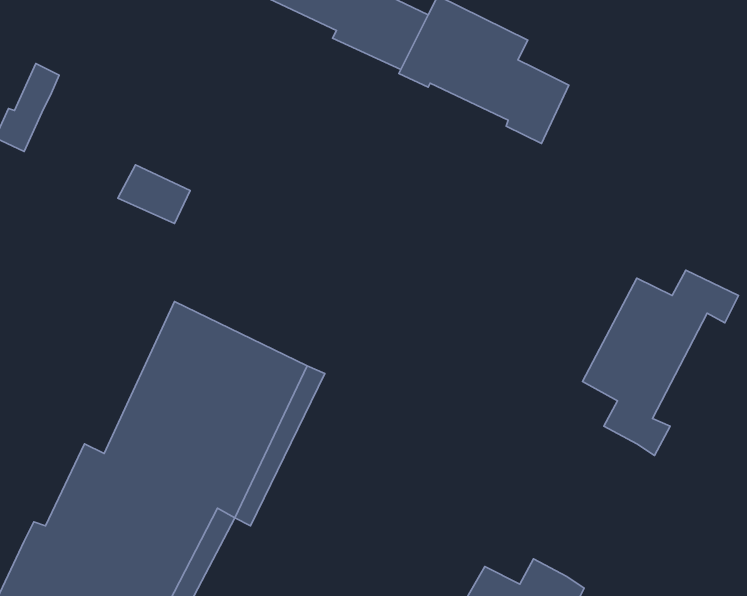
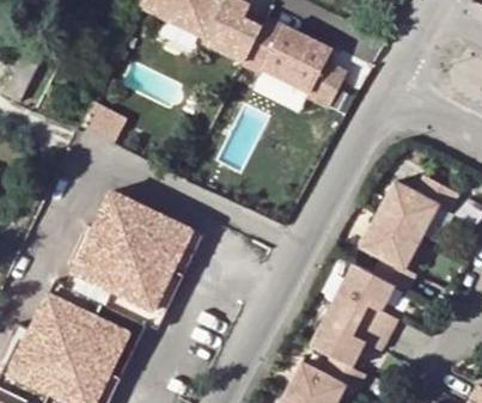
building: none -> [307,263,395,366]

